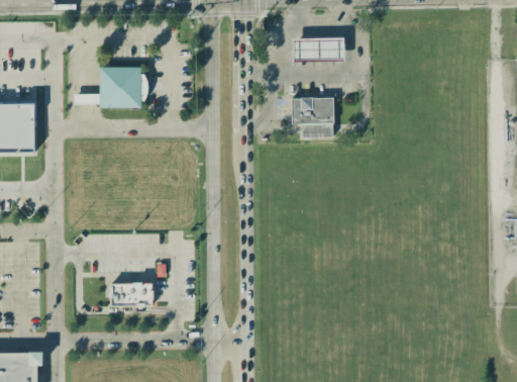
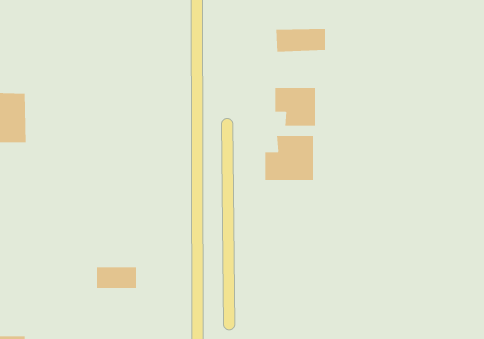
building: [73,67,147,106] -> none
building: none -> [265,135,314,181]

